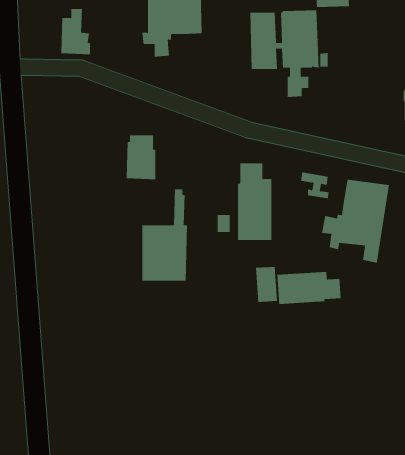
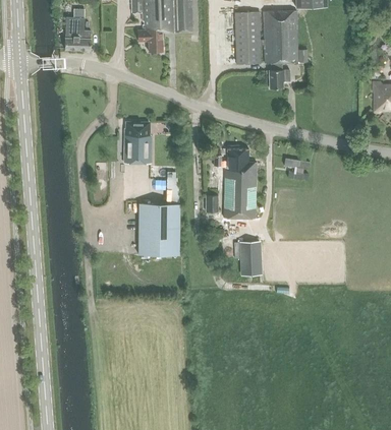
building: [321,179,389,264] -> none
building: [277,271,341,305] -> none

